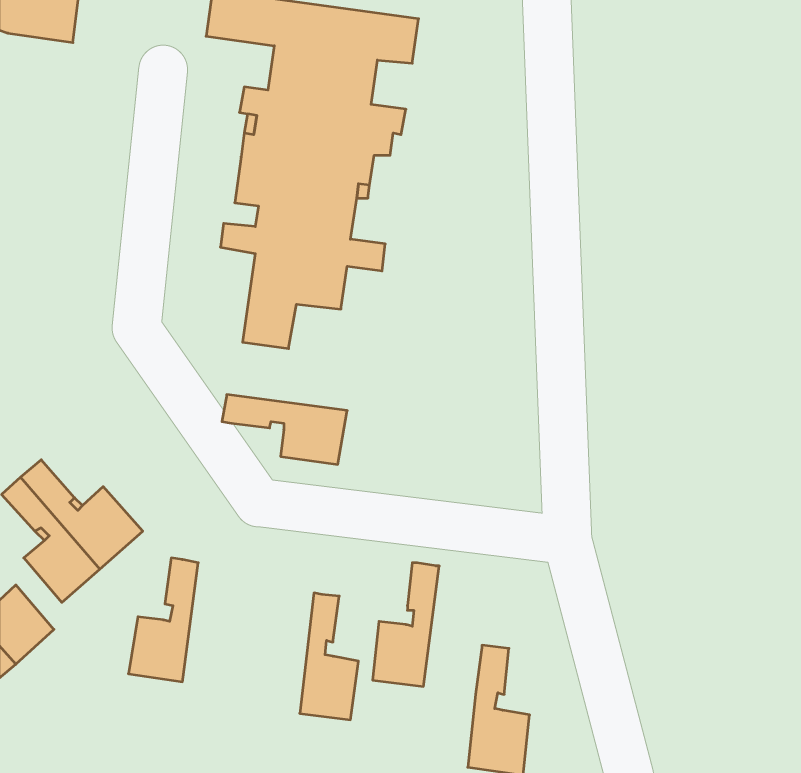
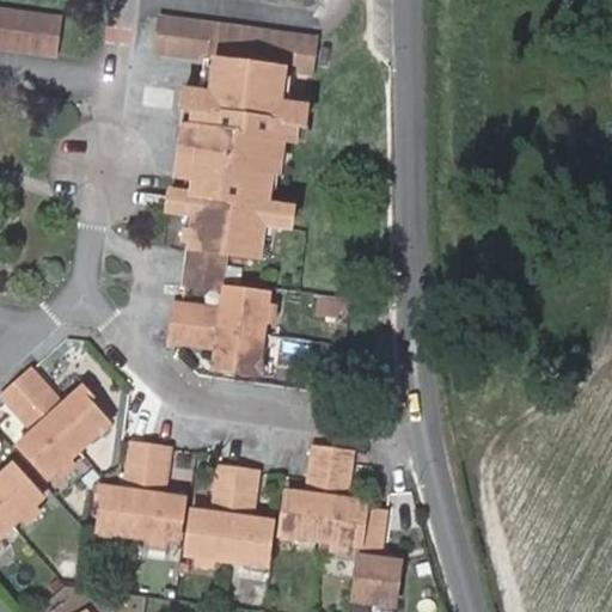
building: none -> [172,287,269,332]
building: none -> [139,447,184,543]
building: none -> [320,449,366,546]
building: none -> [186,467,238,561]

